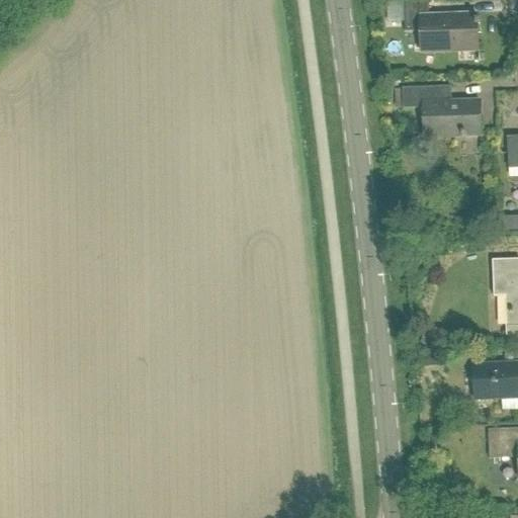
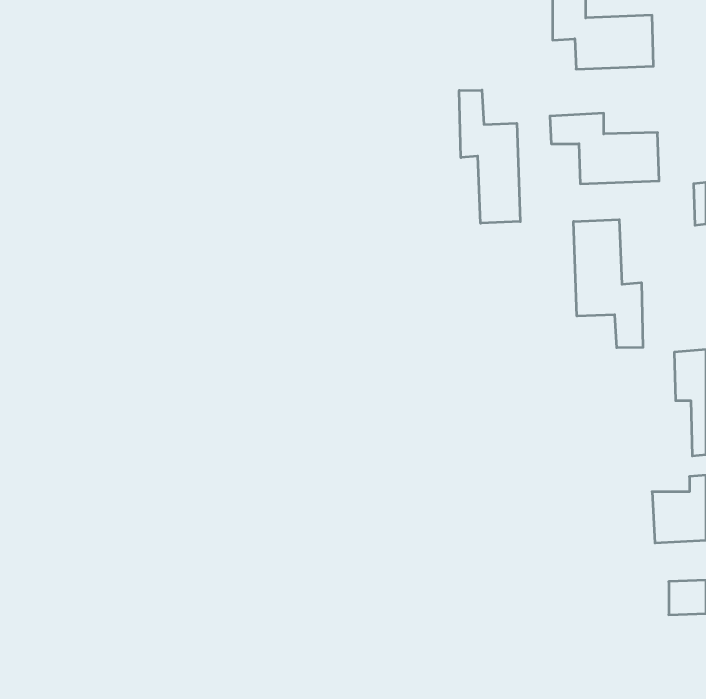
building: none -> [459,90,520,223]
building: none -> [574,220,643,348]

